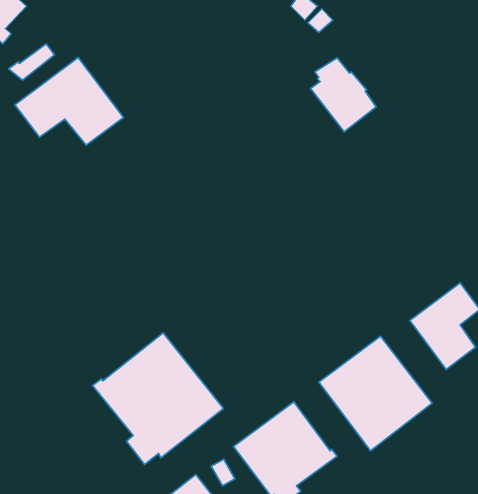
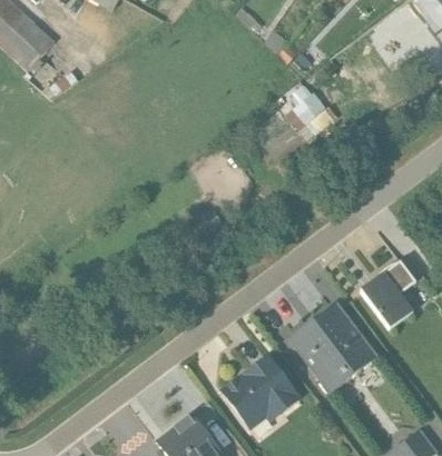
building: [15,57,124,145] -> none
building: [92,333,224,465] -> none

